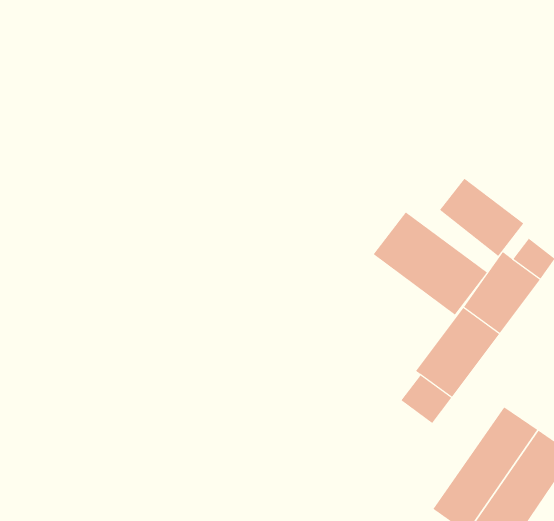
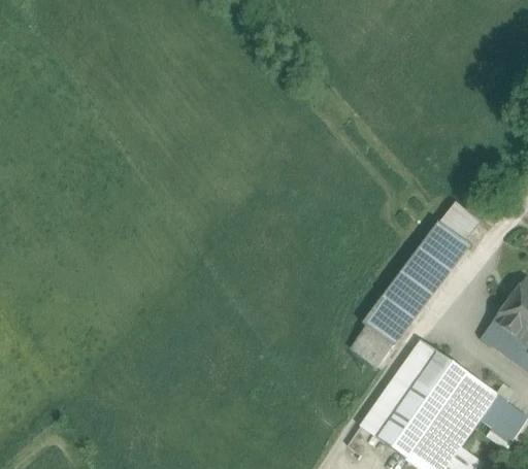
building: [439,178,524,257] -> none
building: [373,211,488,315] -> none
building: none -> [361,338,438,436]

